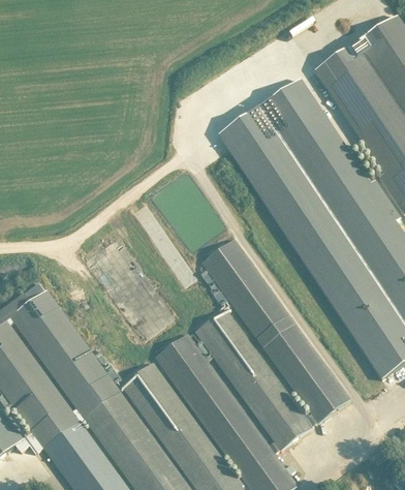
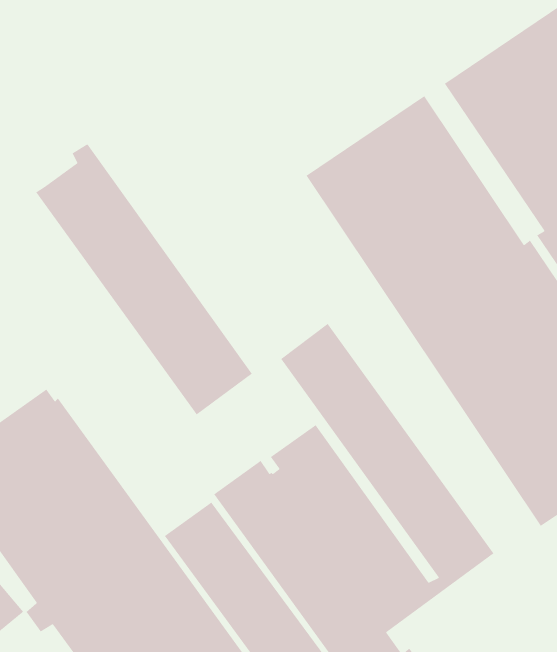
building: none -> [35,144,253,415]

